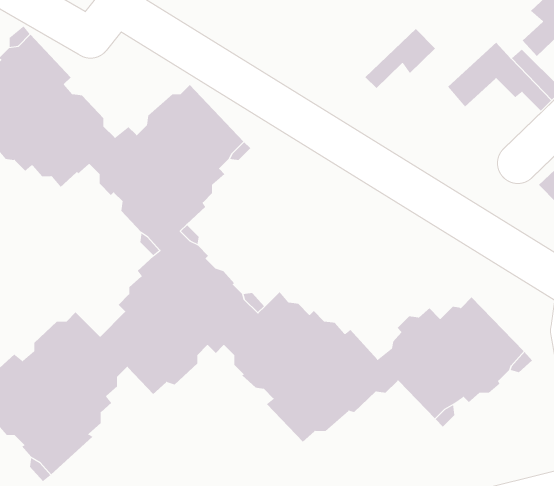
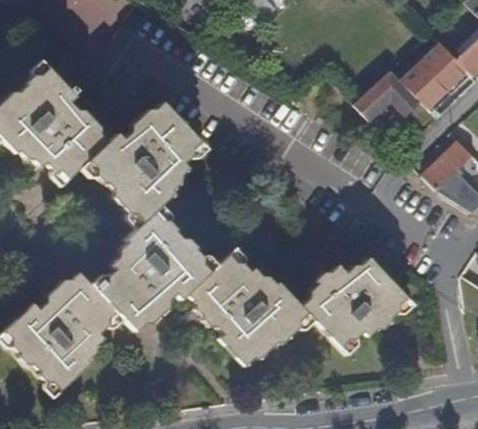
building: [364,28,436,89] -> none

